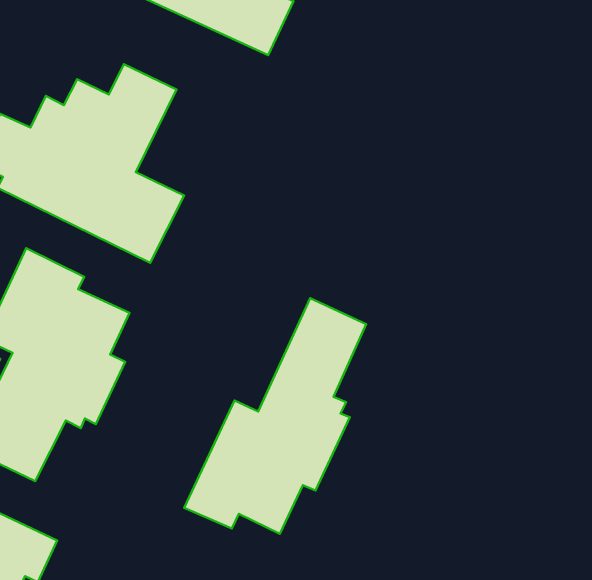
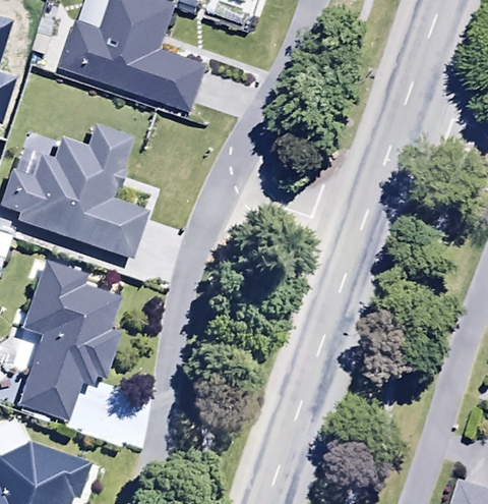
building: [184,298,366,534] -> none

